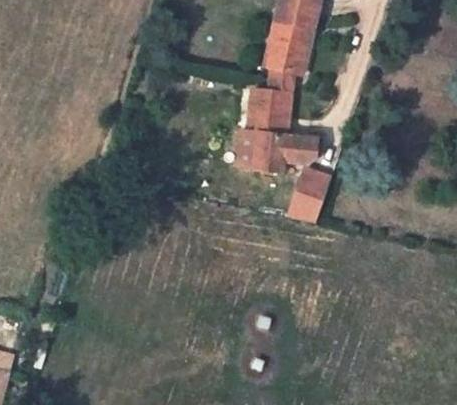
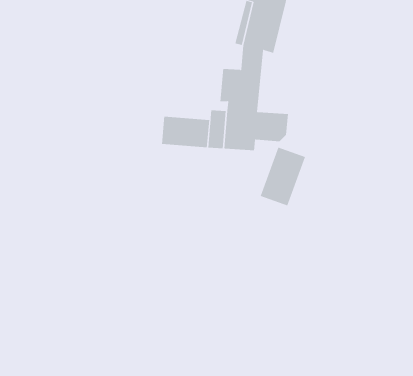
building: none -> [161,116,210,148]

